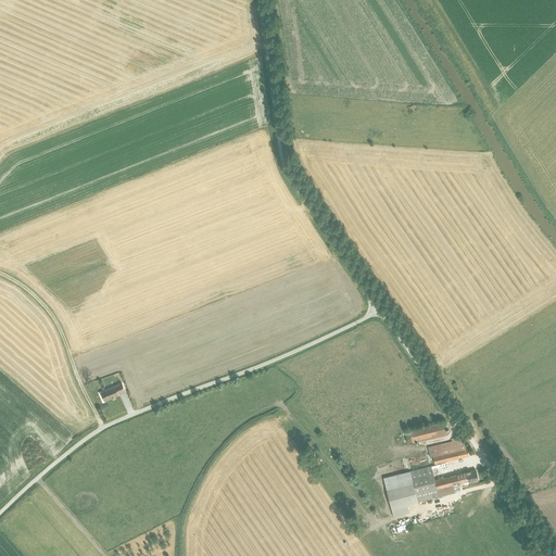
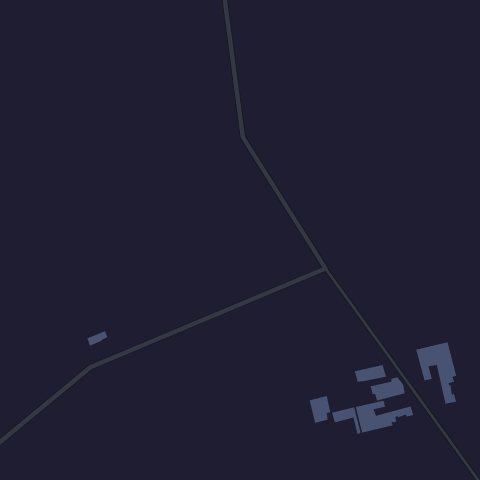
building: none -> [416,341,457,405]
building: [386,483,412,516] -> [309,395,331,424]

